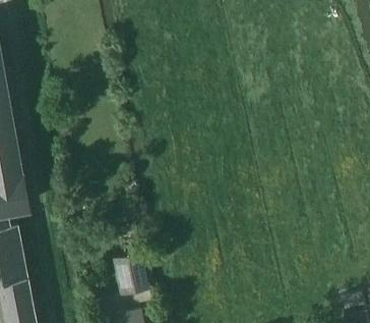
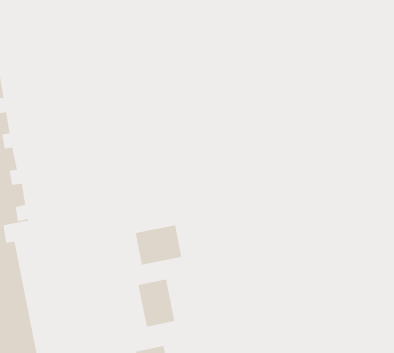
building: none -> [135,225,182,266]

